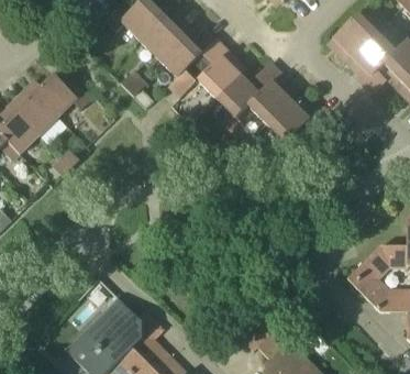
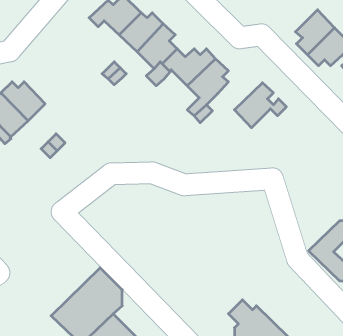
building: [34,73,91,116] -> none
building: [246,79,296,122] -> none

